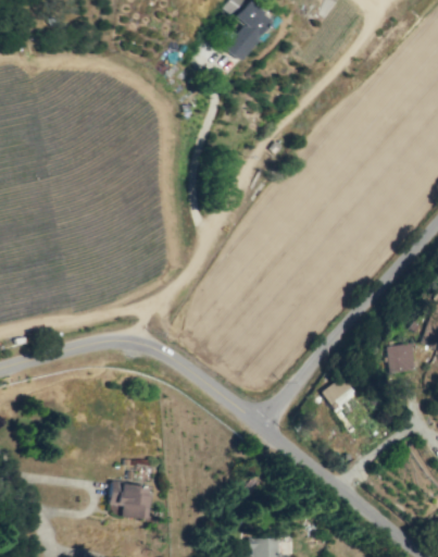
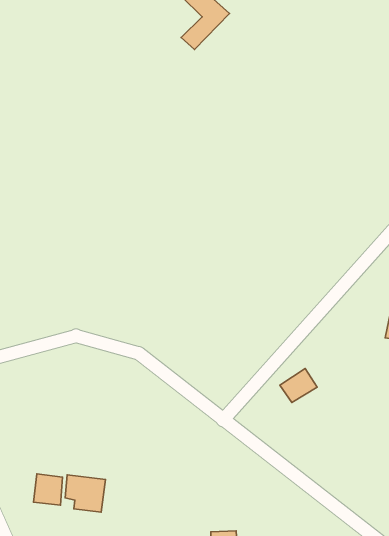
building: [386,343,418,373] -> none
building: none -> [34,474,63,505]

